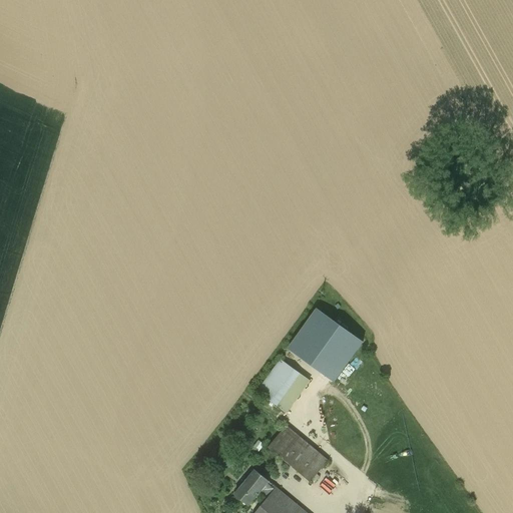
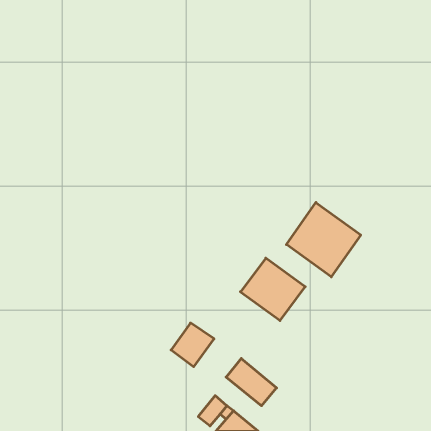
building: none -> [286,202,361,277]
building: [258,360,309,412] -> [171,323,214,367]

